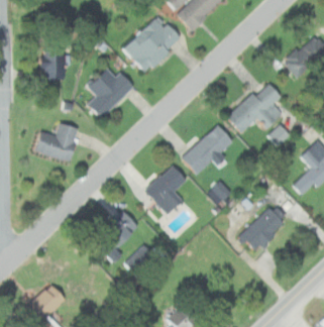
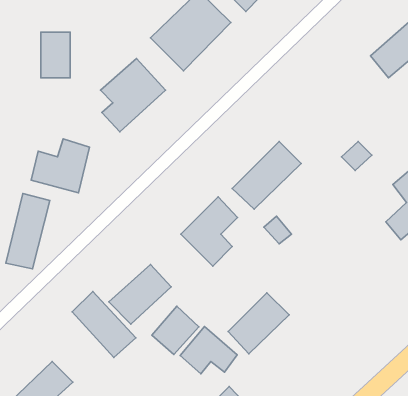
building: [227,81,283,132] -> none
building: none -> [6,193,50,269]
building: [241,207,286,251] -> [228,293,289,354]
building: none -> [72,292,136,358]
building: none -> [180,326,237,374]

